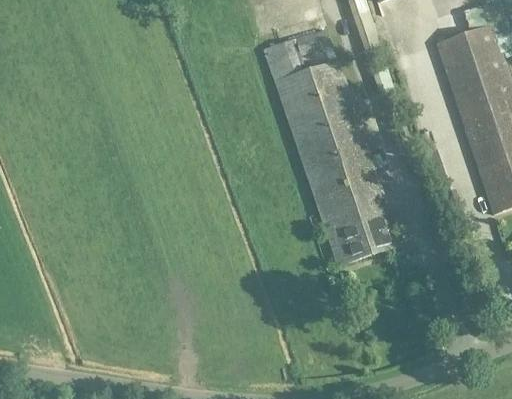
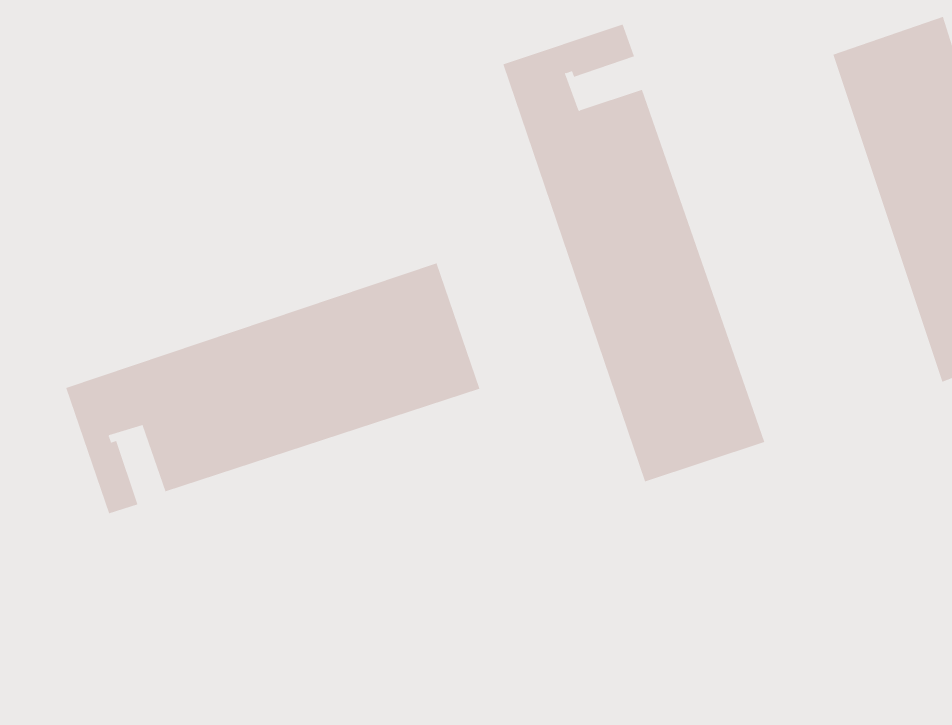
building: none -> [65,262,480,514]

